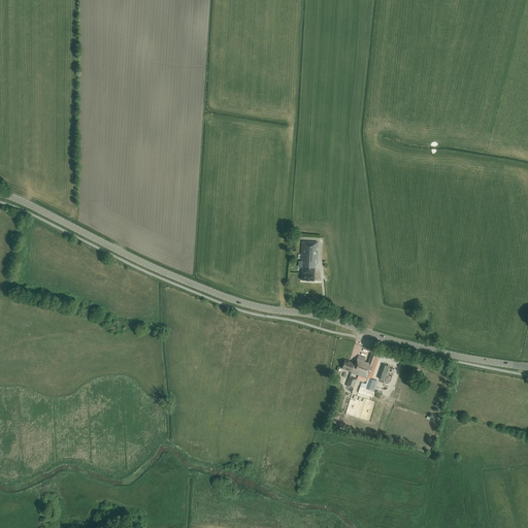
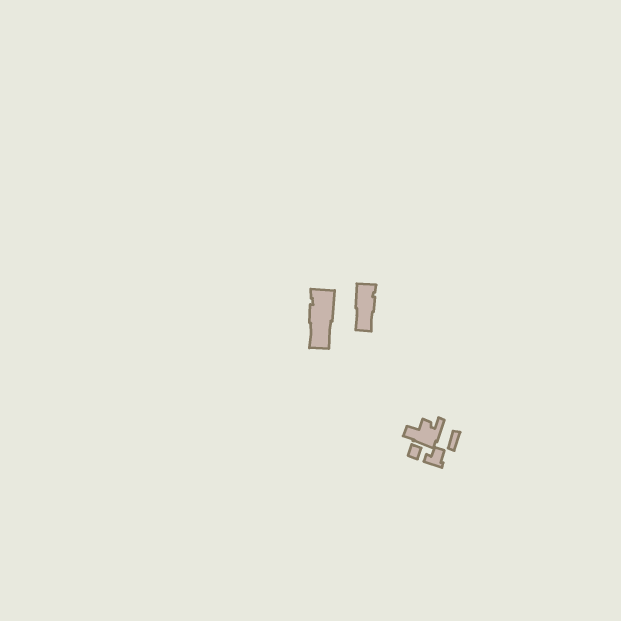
building: none -> [309,289,335,349]

